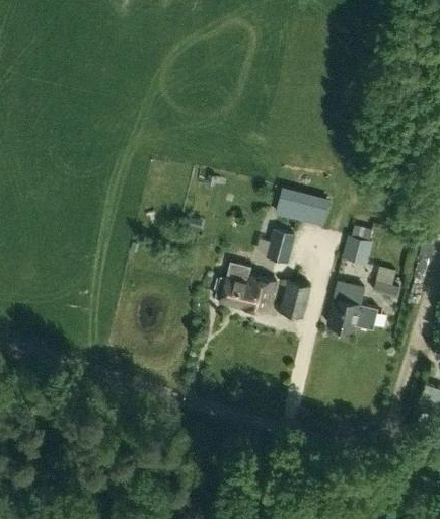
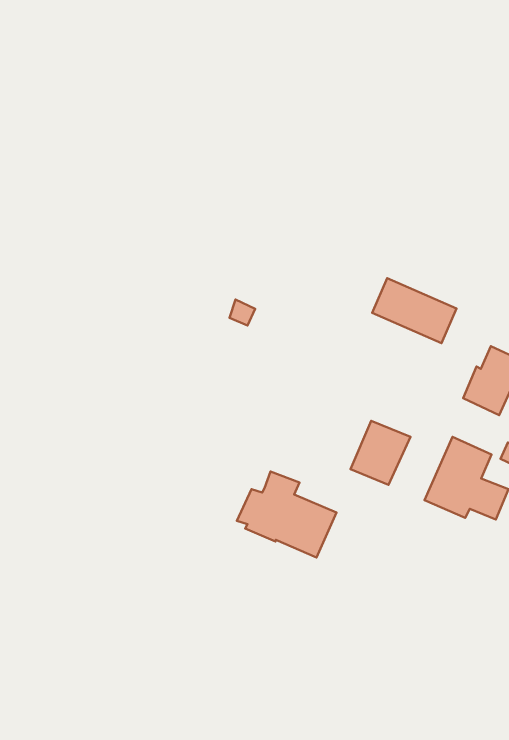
building: [268,231,294,264] -> none
building: [215,264,277,313] -> [237,471,336,558]

